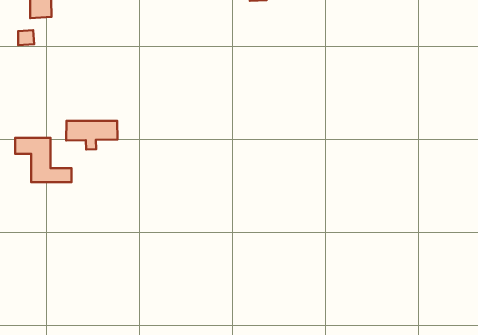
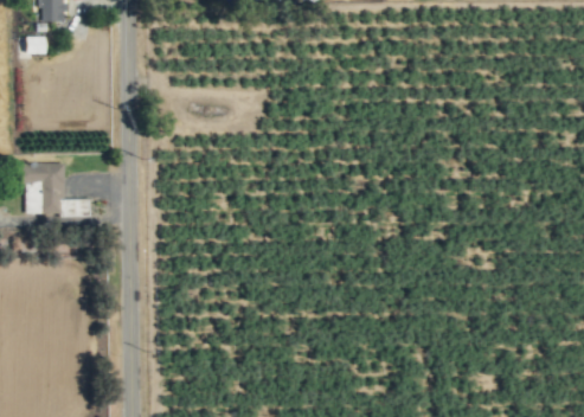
building: [66,121,118,149] -> none

